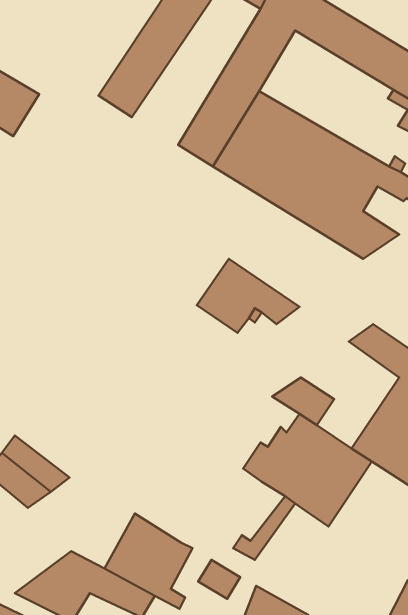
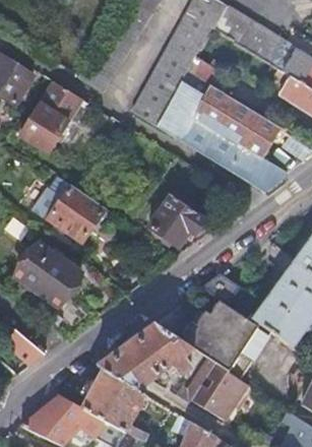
building: none -> [24,83,85,153]
building: none -> [33,184,106,241]
building: none -> [13,244,95,335]
building: none -> [97,322,192,390]
building: none -> [198,368,253,419]

